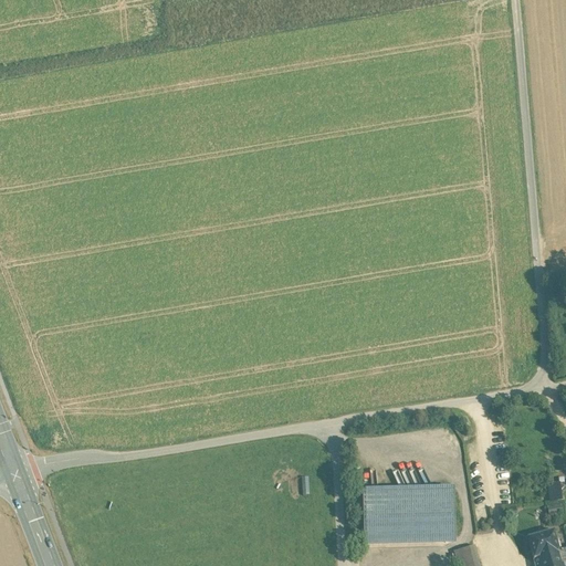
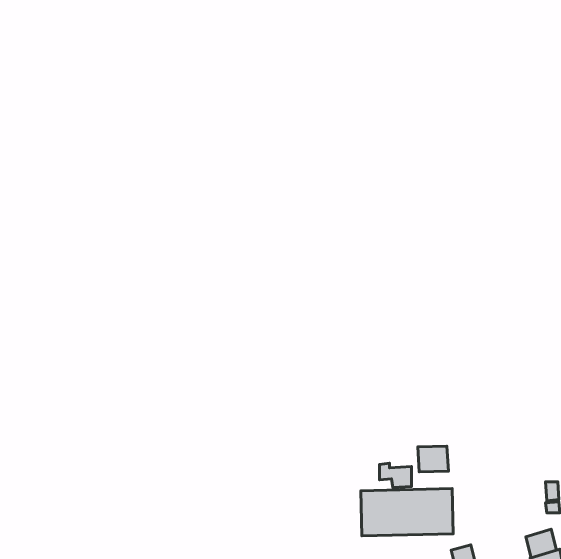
building: none -> [418,446,448,472]

